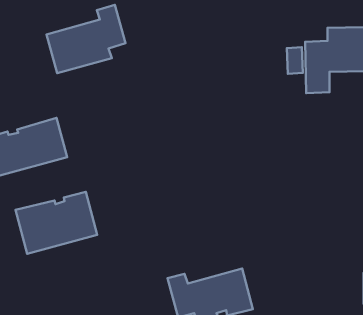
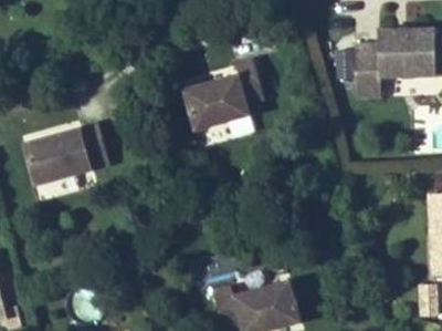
building: [47,5,126,73] -> [182,59,264,130]
building: [15,192,97,254] -> none

